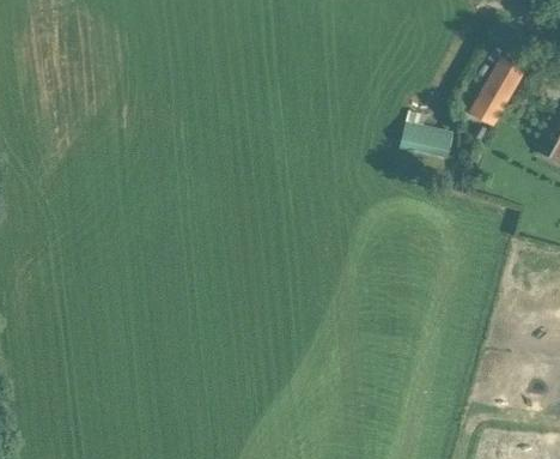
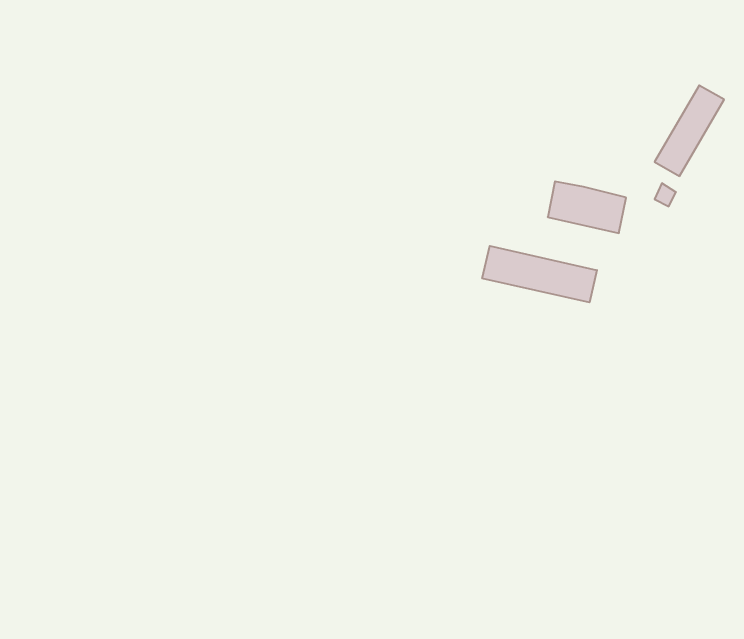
building: none -> [482,246,597,302]

